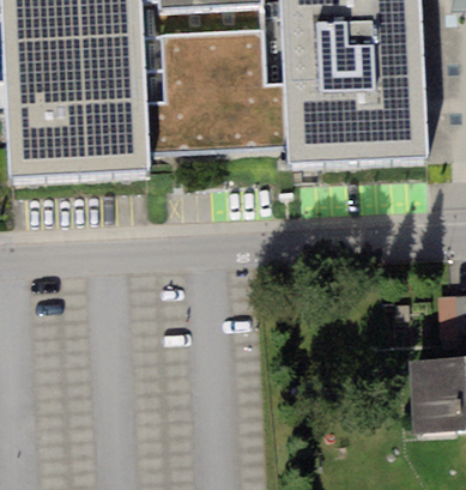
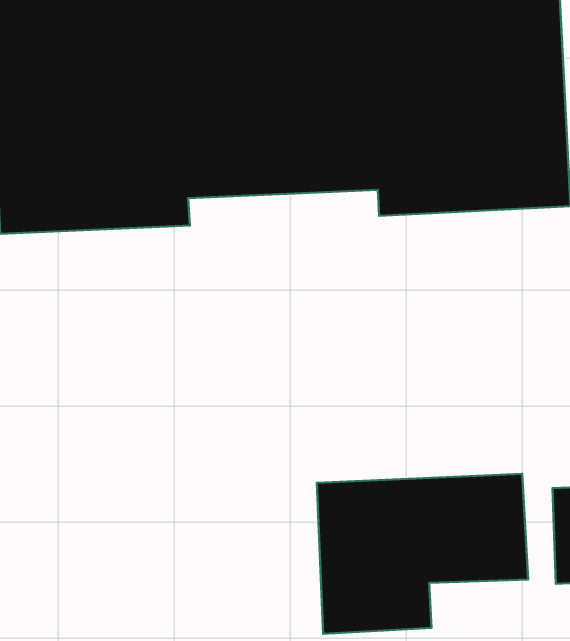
building: none -> [317,474,528,634]

